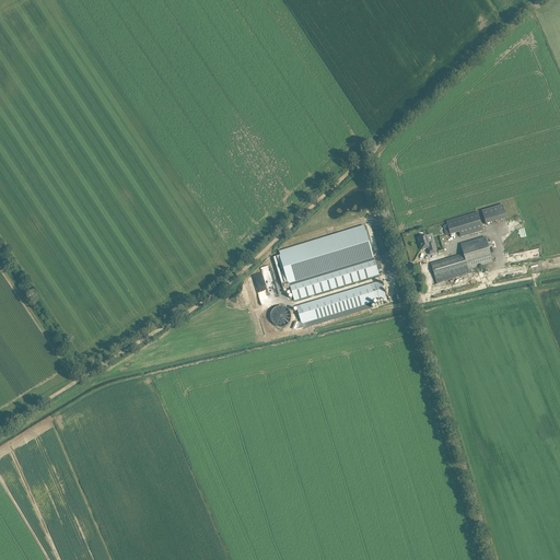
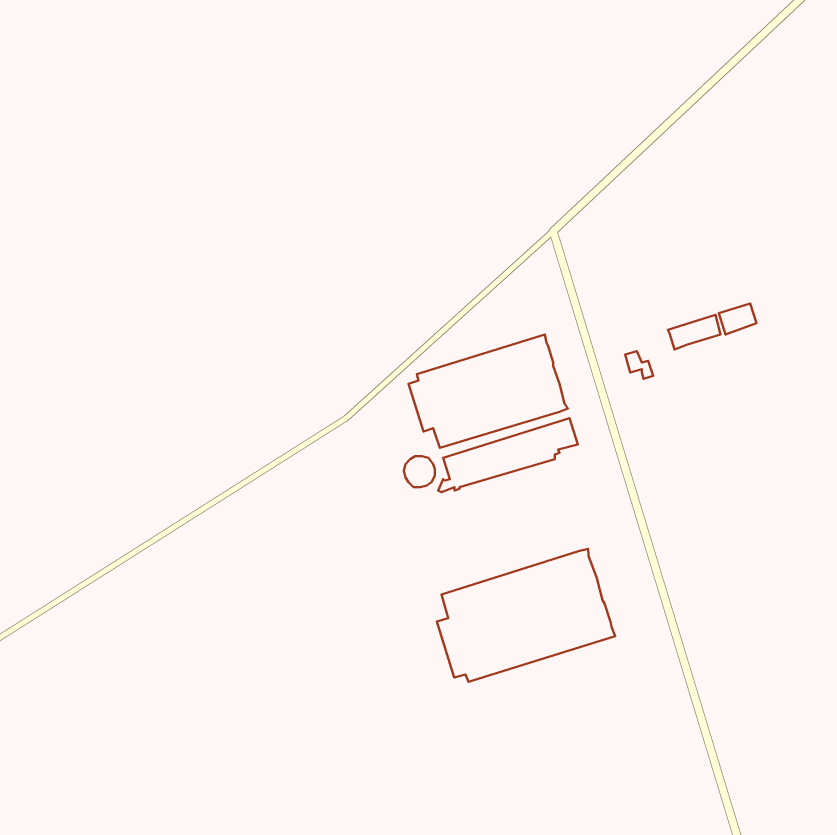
building: [430,235,492,282] -> none
building: none -> [437,549,615,682]

